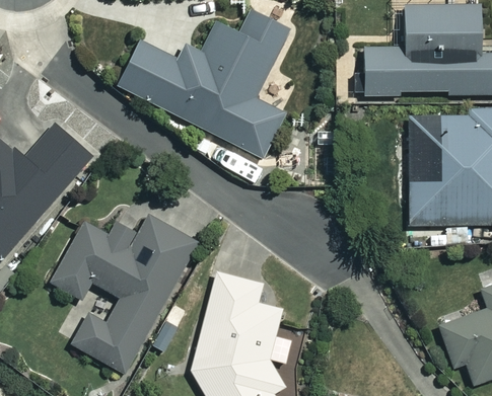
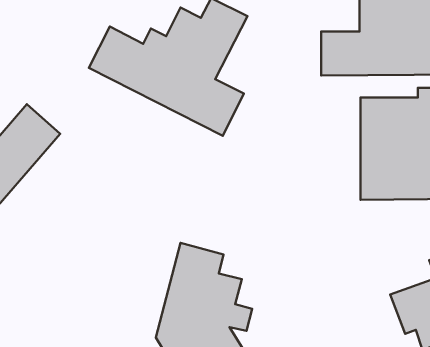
building: [52,216,198,373] -> none

